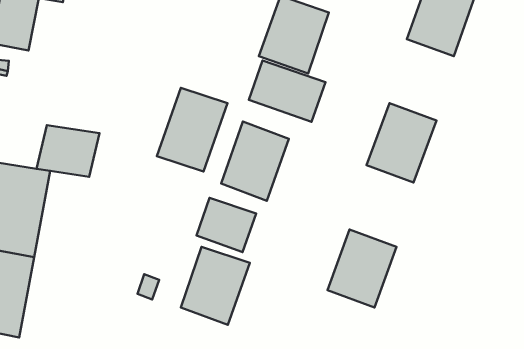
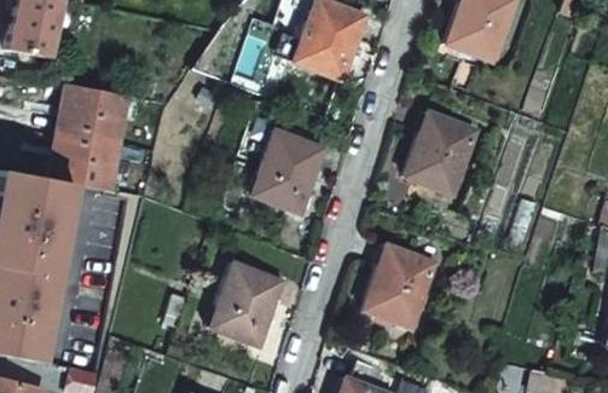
building: [249,60,325,122] -> none
building: none -> [66,92,132,143]
building: [157,88,227,171] -> none
building: [196,198,256,252] -> none

